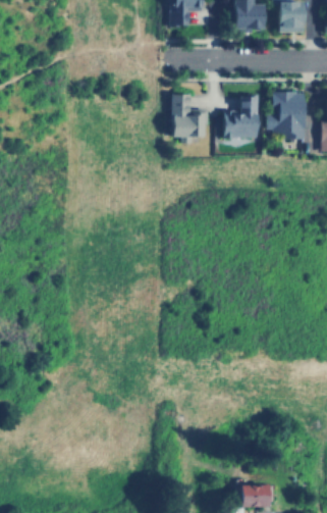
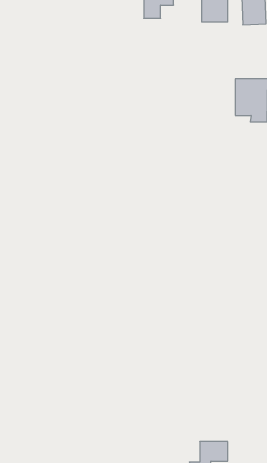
building: [171,94,206,144] -> none
building: [223,97,260,139] -> none

